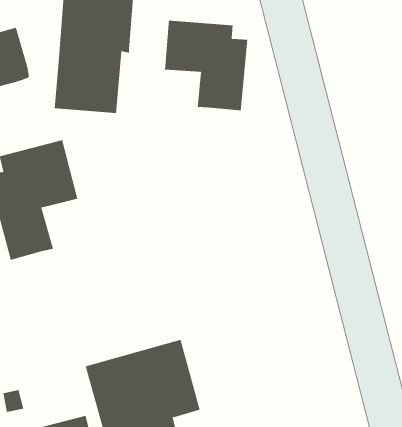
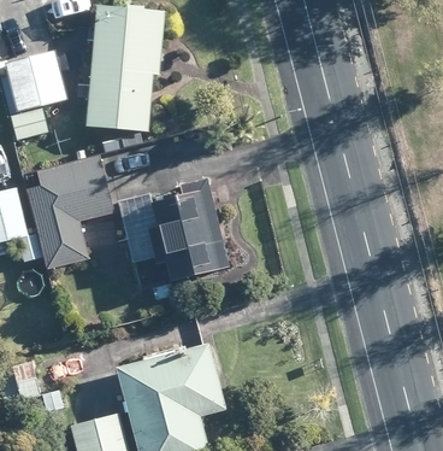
building: [164,20,248,111] -> none
building: none -> [137,181,228,280]

